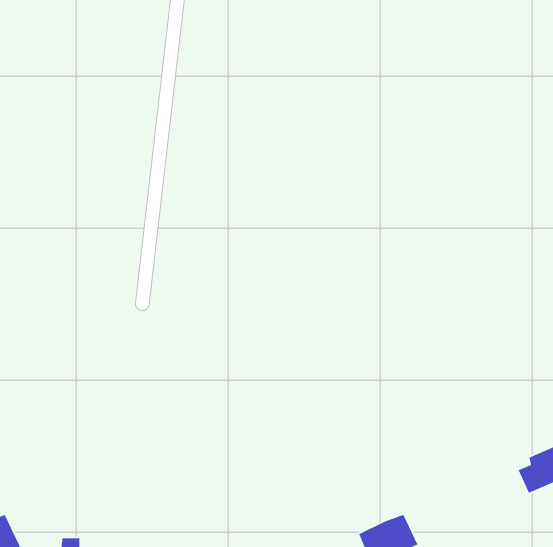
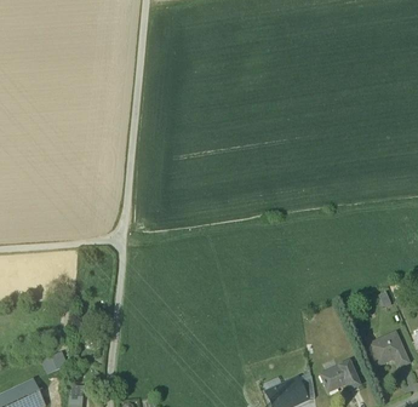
building: none -> [322,361,361,390]

